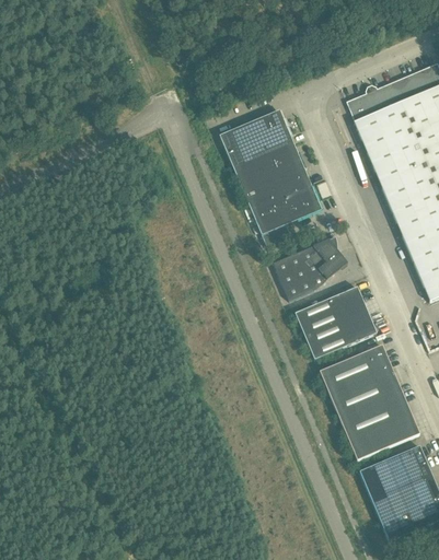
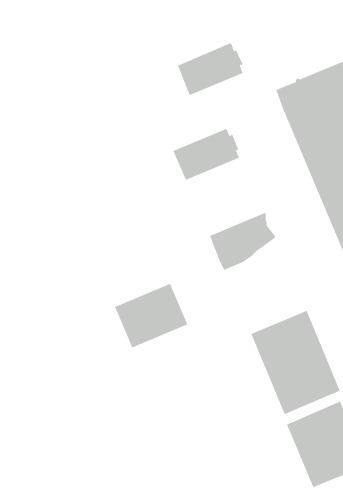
building: [220,109,293,168] -> [177,43,243,96]
building: [247,176,322,250] -> none
building: [294,287,377,359] -> [114,283,188,348]

